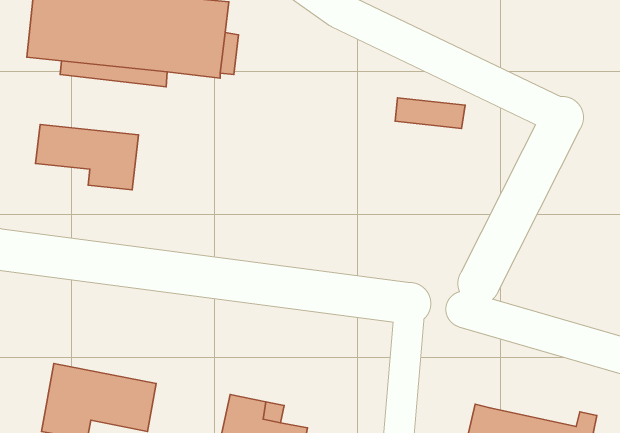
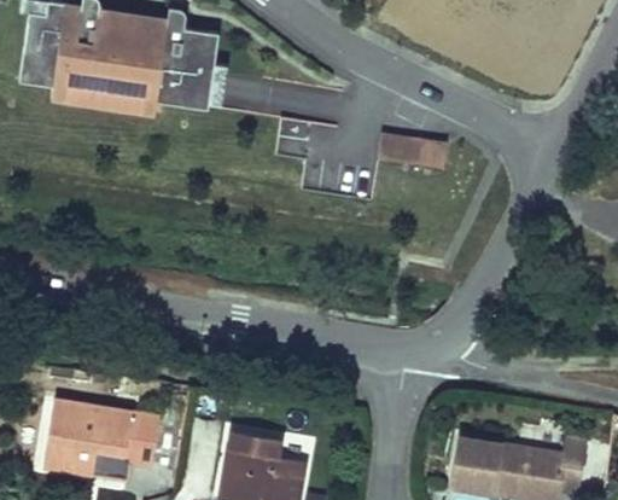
building: [35,124,138,190] -> none

